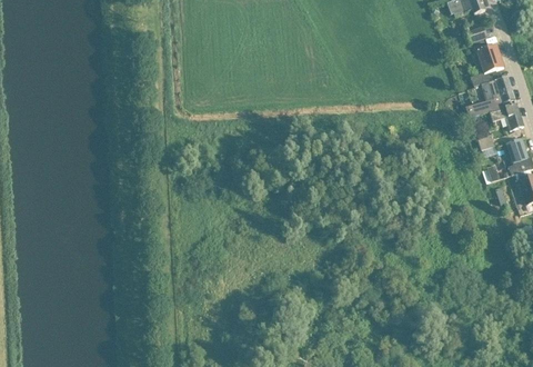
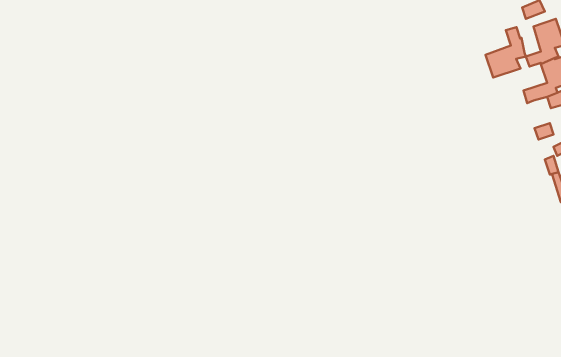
building: none -> [486,27,526,78]

